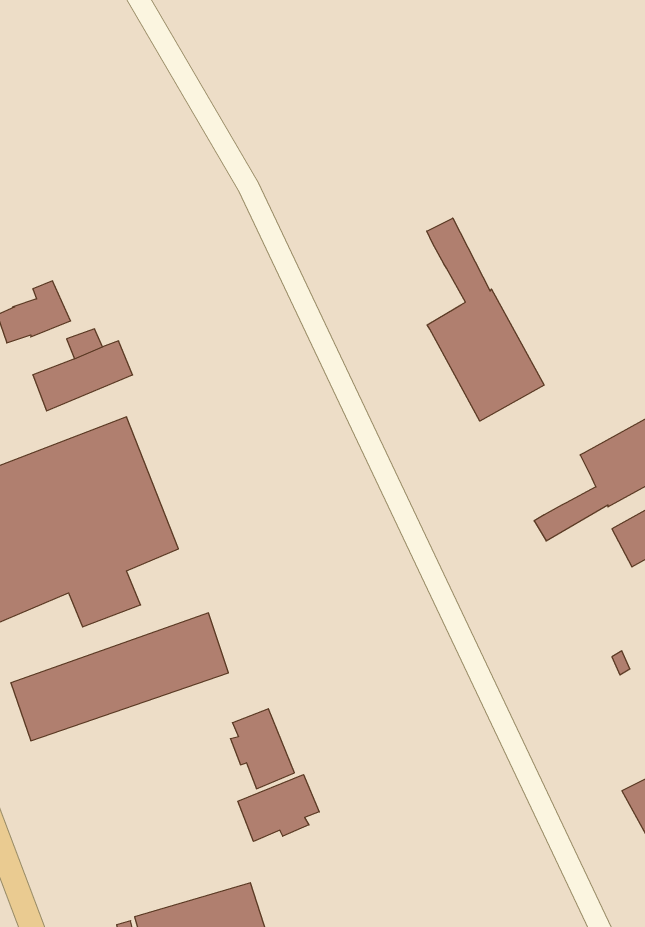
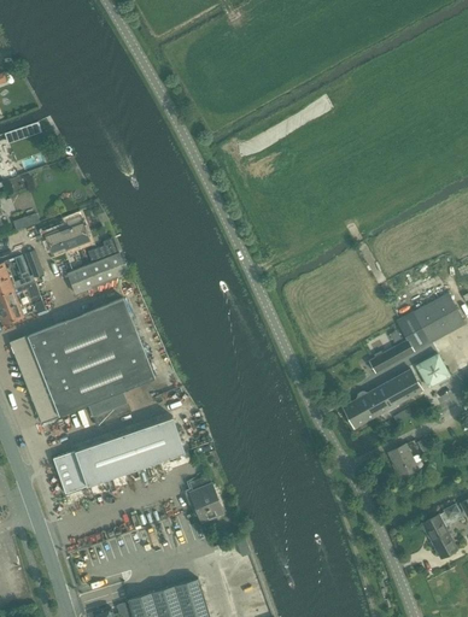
building: [427,218,544,421] -> none
building: none -> [343,369,423,429]
building: none -> [387,443,419,480]
building: [238,775,319,841] -> none

